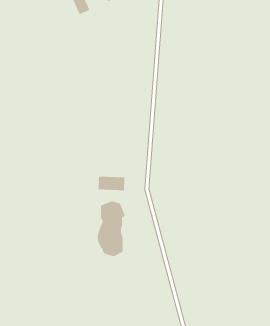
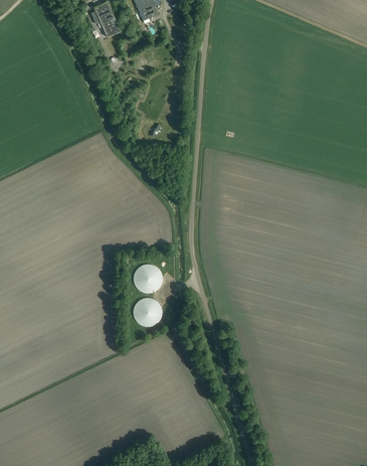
building: [98,176,125,191] -> none

